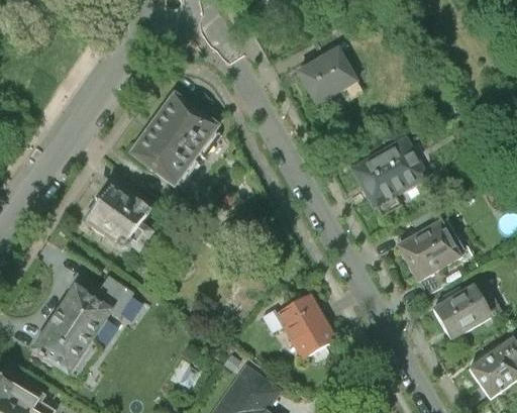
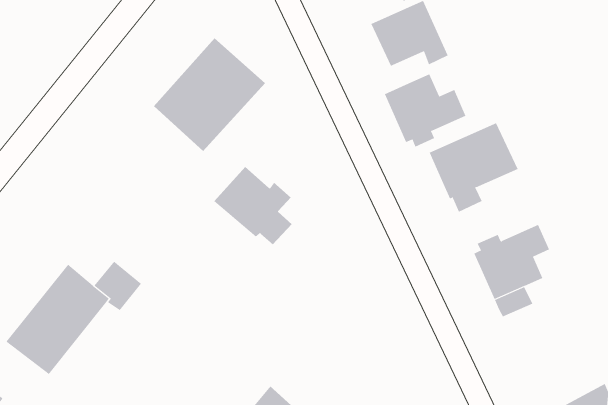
building: none -> [384,73,466,147]
building: [88,188,152,248] -> [214,166,293,245]
building: [433,283,500,337] -> none
building: [276,294,334,358] -> none

